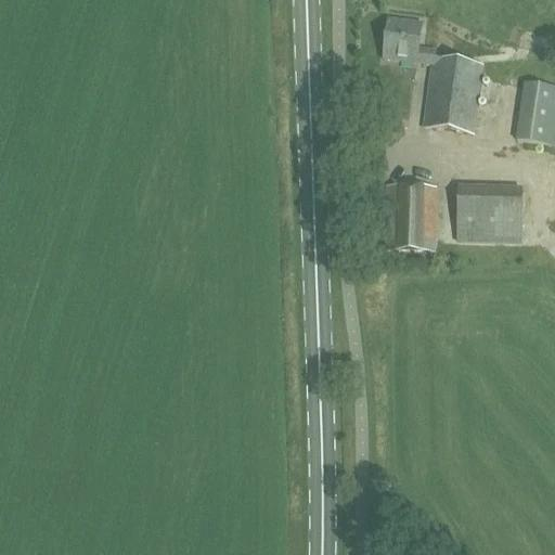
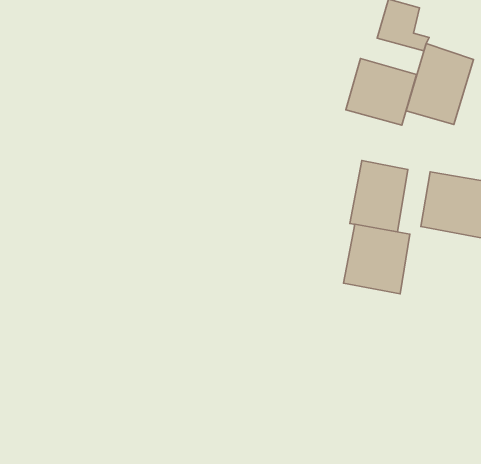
building: none -> [346,58,417,125]
building: none -> [344,224,410,294]

